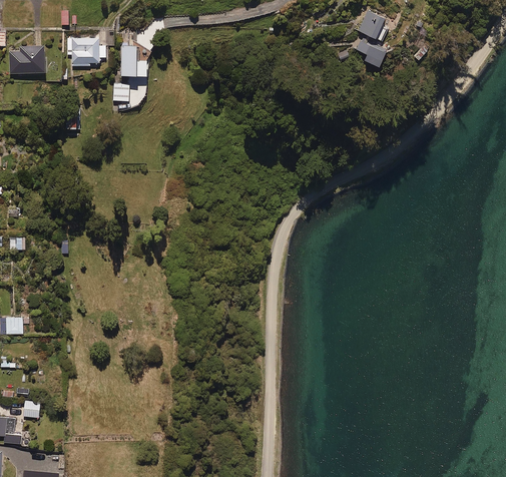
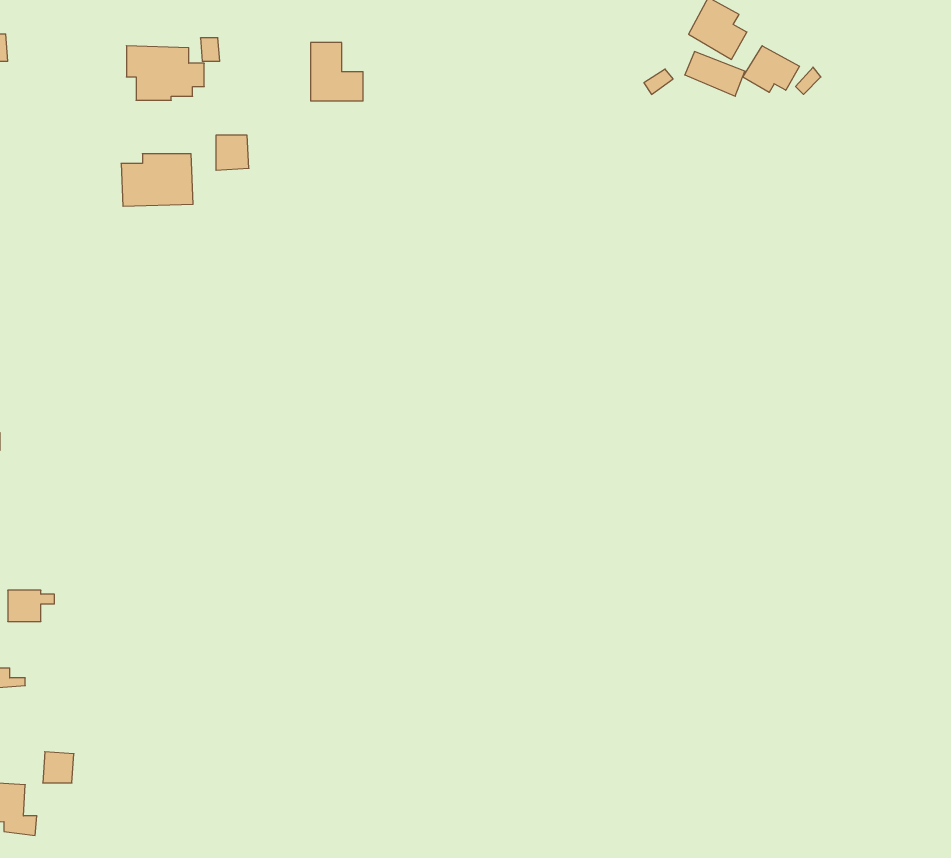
building: none -> [743,46,799,92]
building: [8,46,45,73] -> [121,154,193,206]
building: [121,46,148,76] -> [311,43,363,101]

